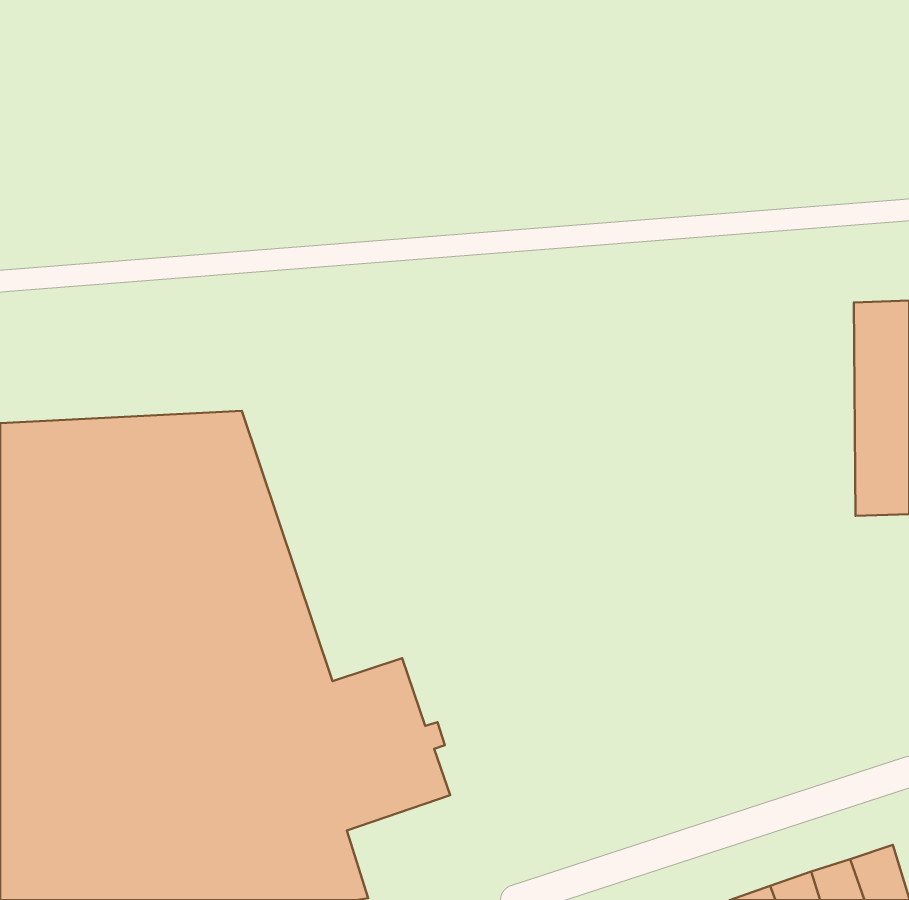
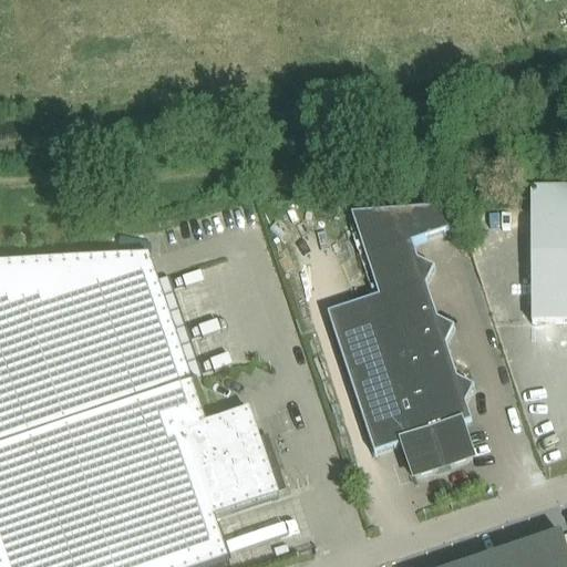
building: none -> [328,206,475,474]

